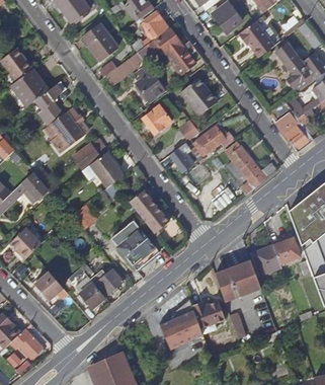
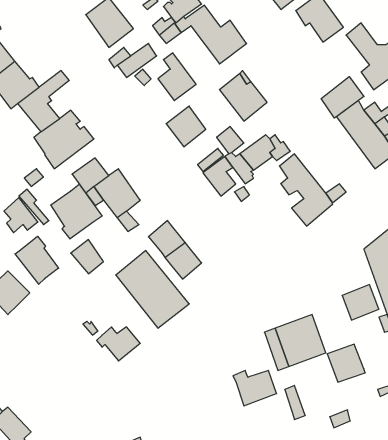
building: none -> [321,77,364,118]
building: none -> [51,184,102,239]
building: none -> [15,236,59,284]
building: [252,245,280,274] -> [327,344,365,382]
building: [33,272,63,300] -> none
building: [74,277,104,308] -> none
building: [160,309,202,349] -> none

